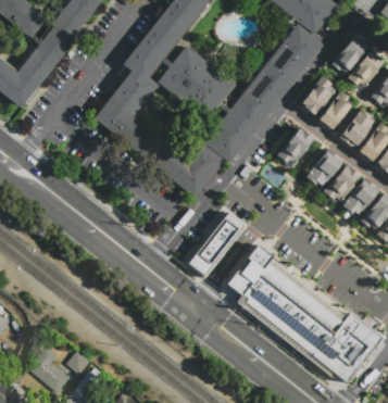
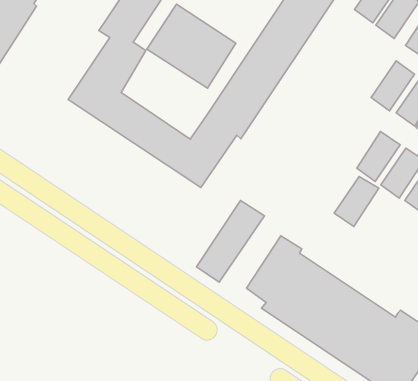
building: [299,76,336,116] -> none
building: [317,91,354,131] -> none
building: [276,128,313,168] -> none
building: [304,152,342,192] -> [334,177,379,226]

